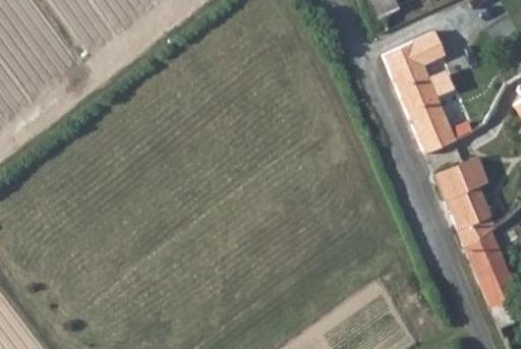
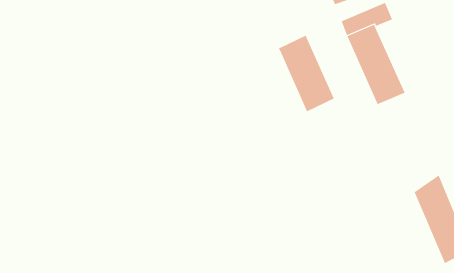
building: none -> [278,35,334,112]
building: [432,153,488,247] -> none

